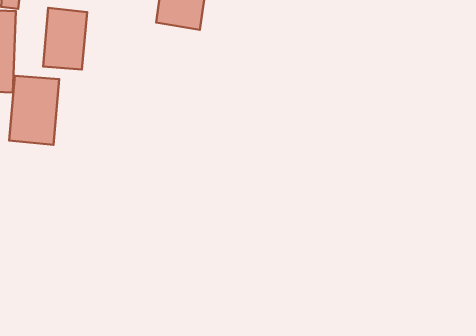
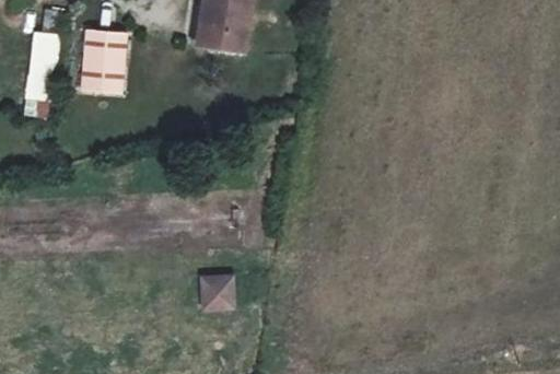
building: [9,76,59,145] -> none
building: none -> [197,270,235,308]

